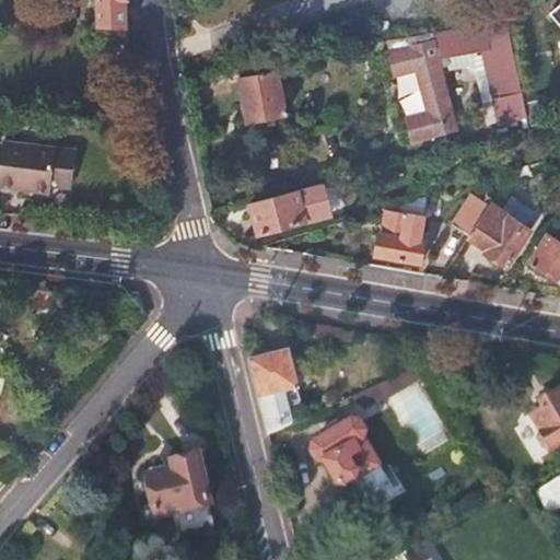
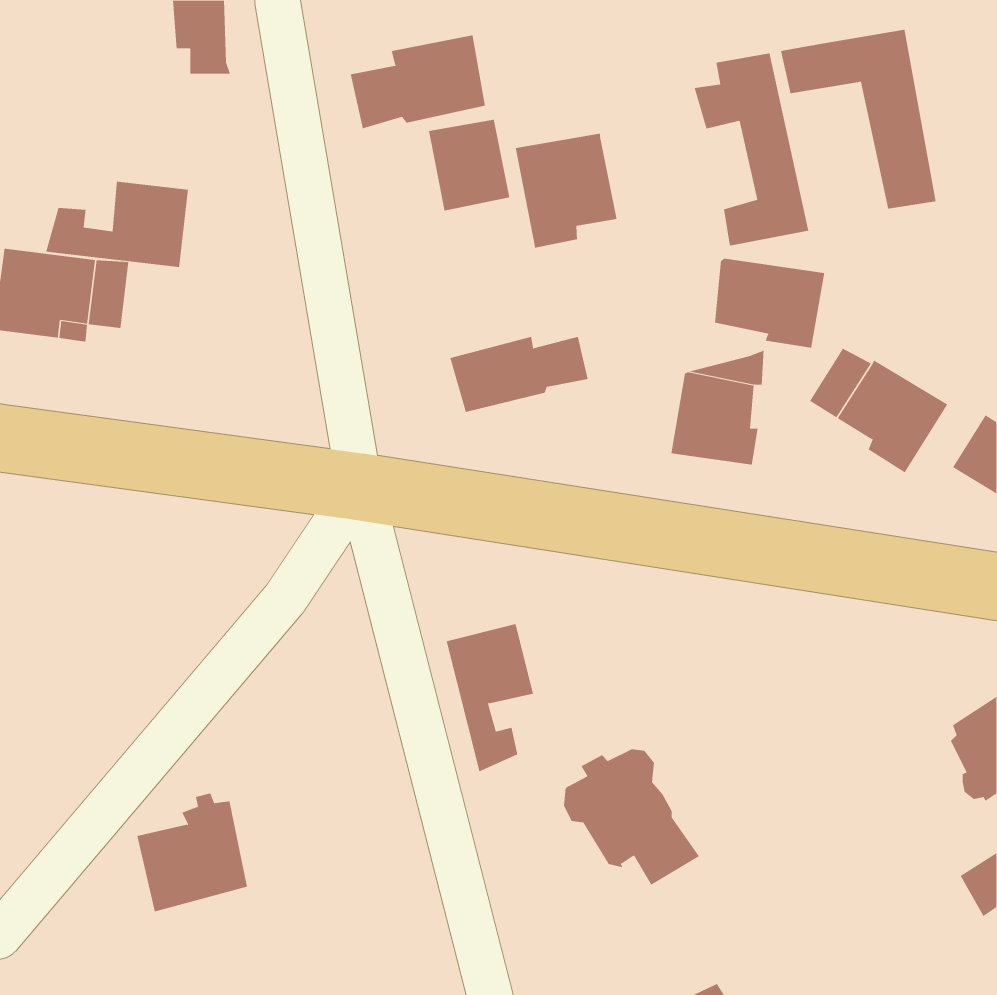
building: none -> [350,35,486,129]
building: none -> [515,133,617,248]
building: none -> [45,181,188,268]
building: none -> [715,258,825,349]
building: [144,453,207,520] -> [136,793,248,912]

